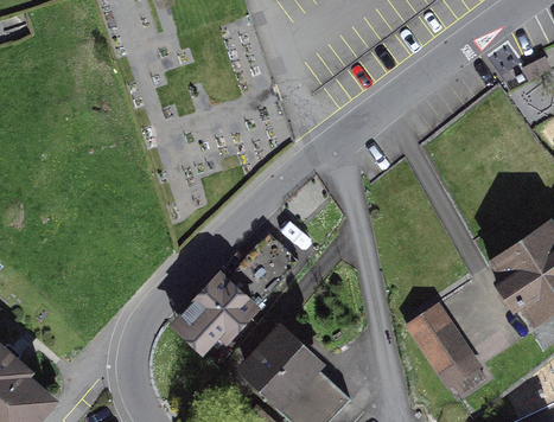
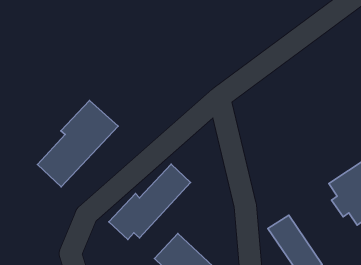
building: none -> [38,101,118,187]

